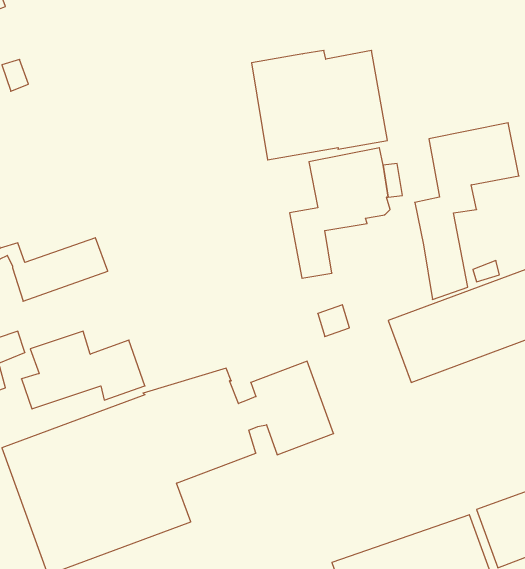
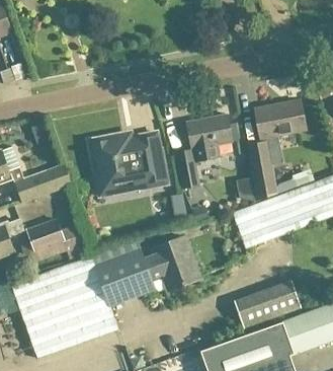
building: [252,50,387,160] -> [89,132,167,195]
building: none -> [235,281,302,330]

